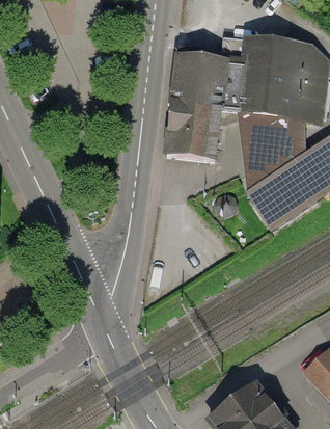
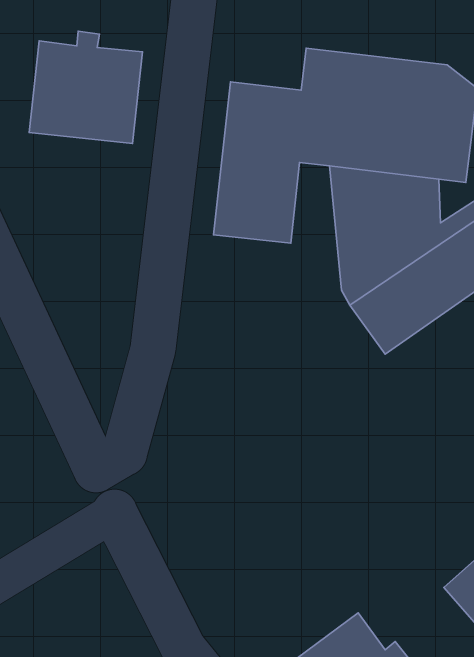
building: none -> [29,31,143,144]

